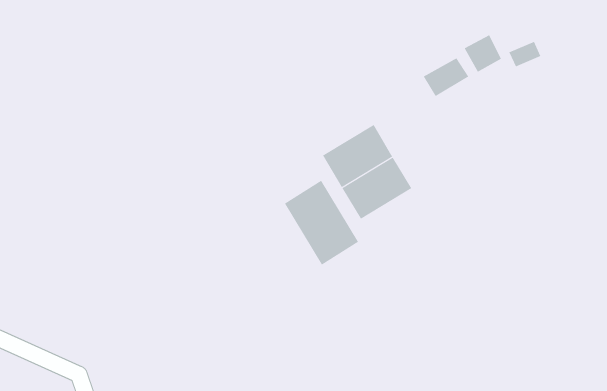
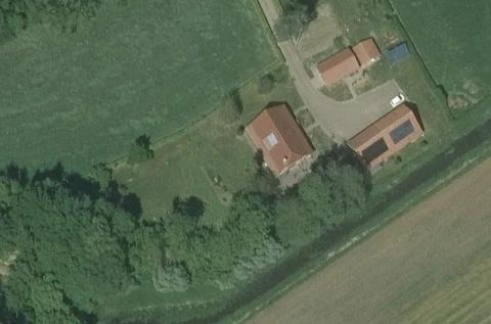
building: none -> [346,103,421,170]
building: [284,180,359,265] -> none

